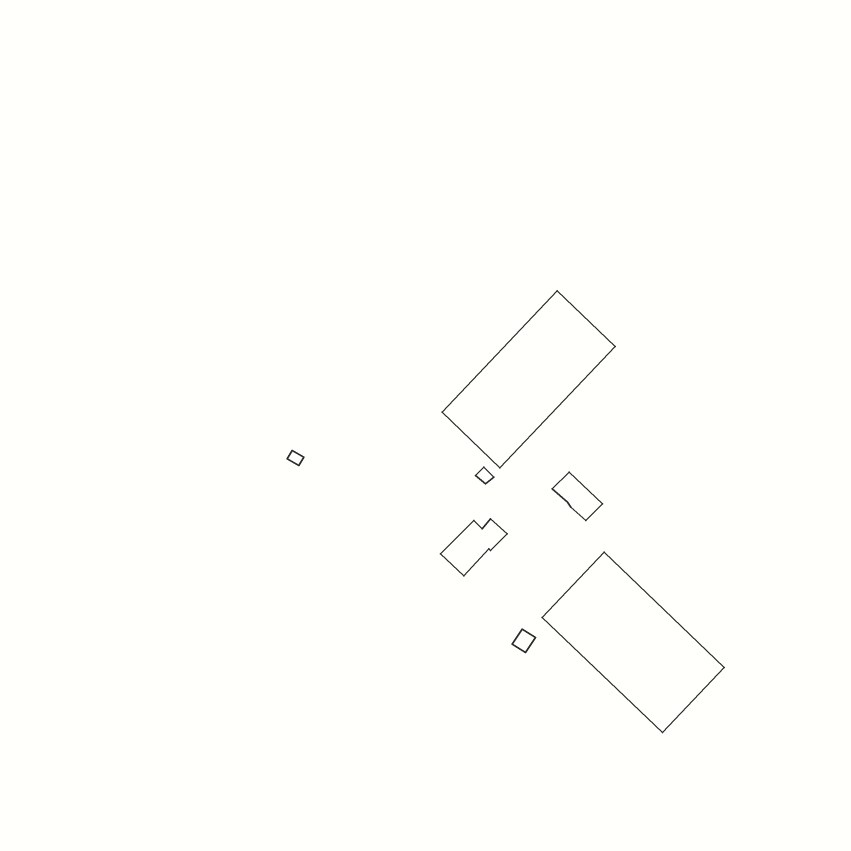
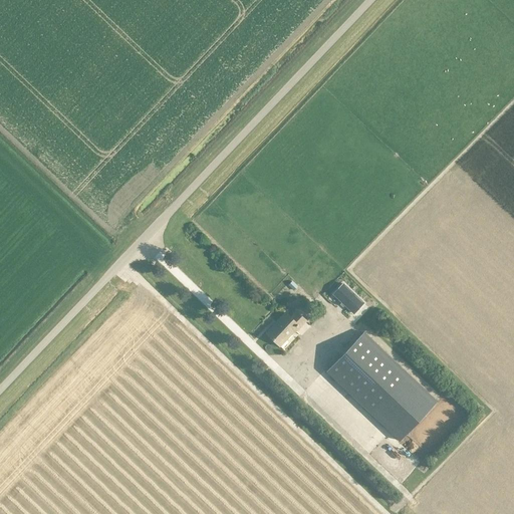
building: [442,291,615,468] -> none

